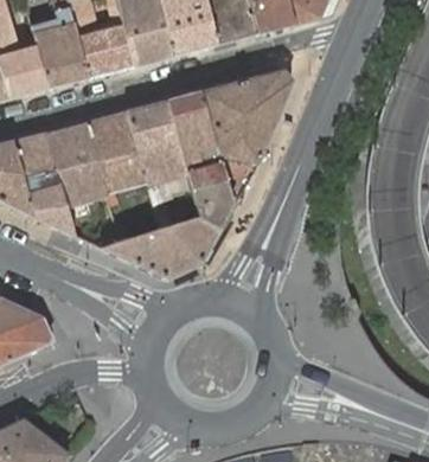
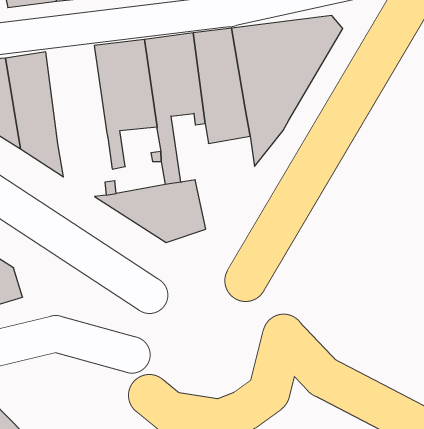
building: [45,121,107,207] -> none
building: [185,180,233,263] -> none

